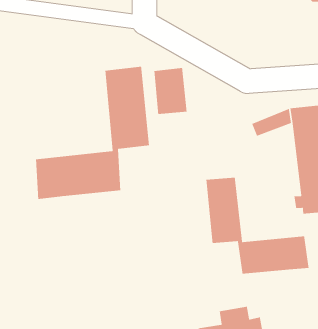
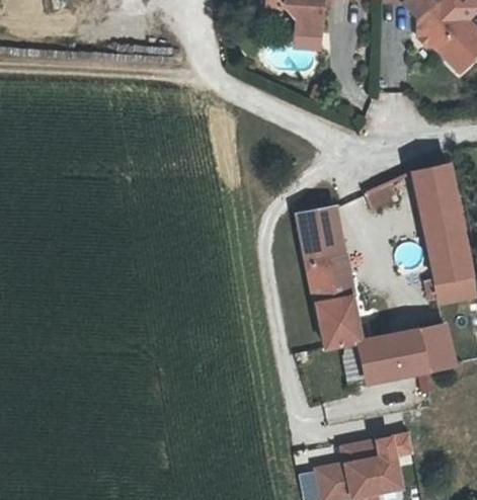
building: [35,66,150,200] -> none
building: [154,67,188,115] -> [304,207,350,269]

